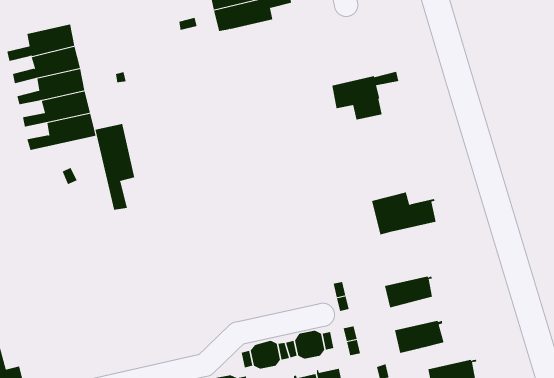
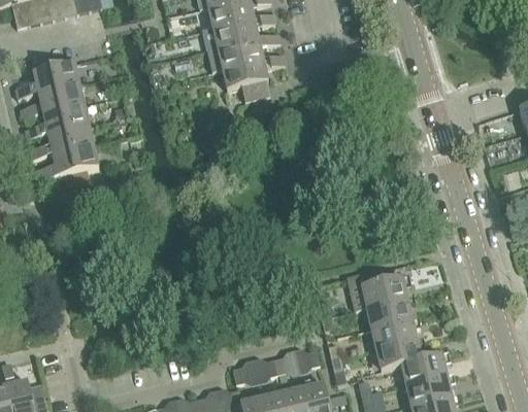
building: [331,71,399,120] -> [223,56,286,101]
building: [95,123,135,211] -> none
building: [371,192,437,235] -> [346,270,407,310]
building: none -> [371,317,417,348]
building: none -> [401,352,448,384]

